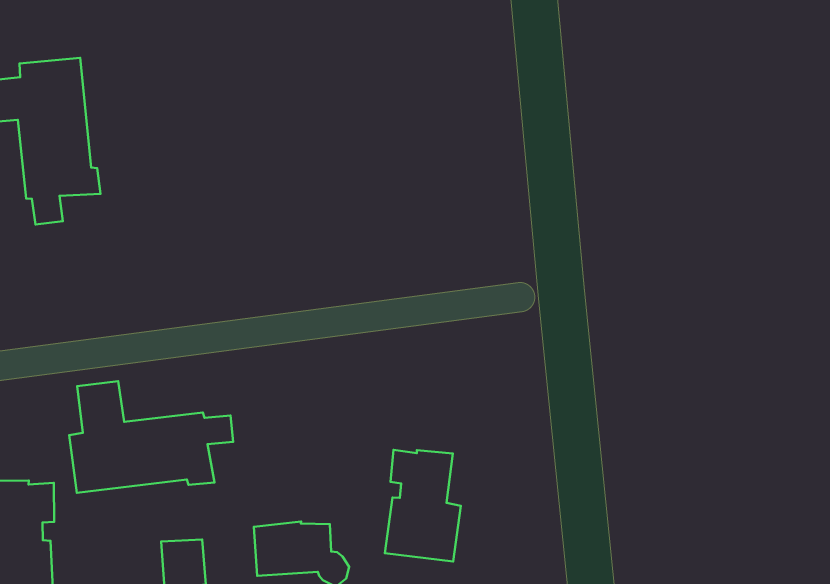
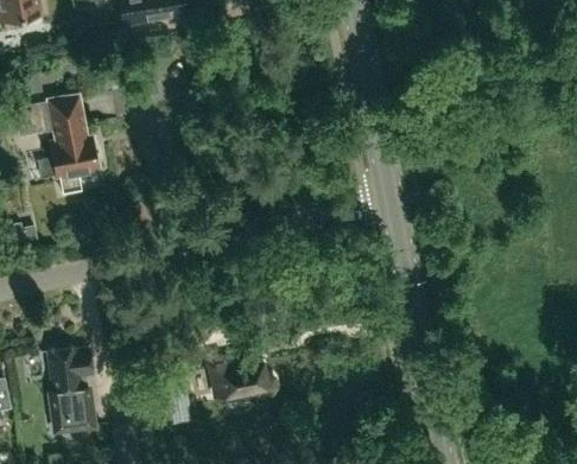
building: [69,381,233,493] -> none
building: [385,450,461,562] -> none

